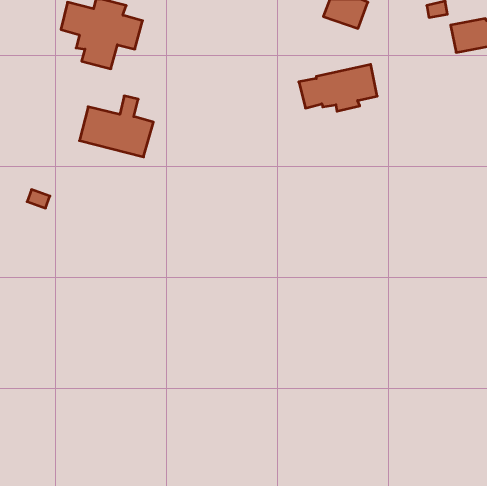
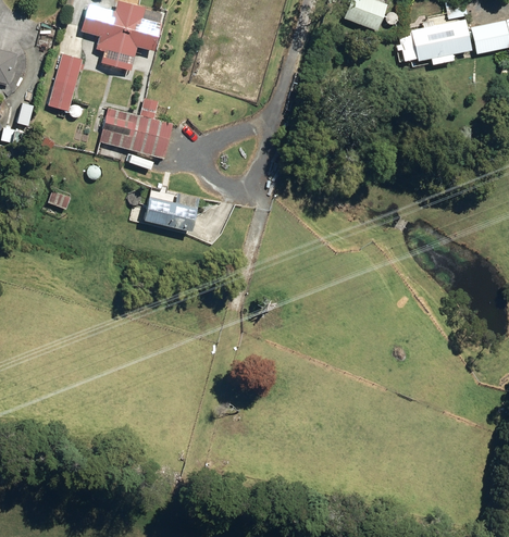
building: none -> [48,53,82,110]
building: [299,64,377,111] -> [394,17,472,64]
building: none -> [144,191,200,230]

